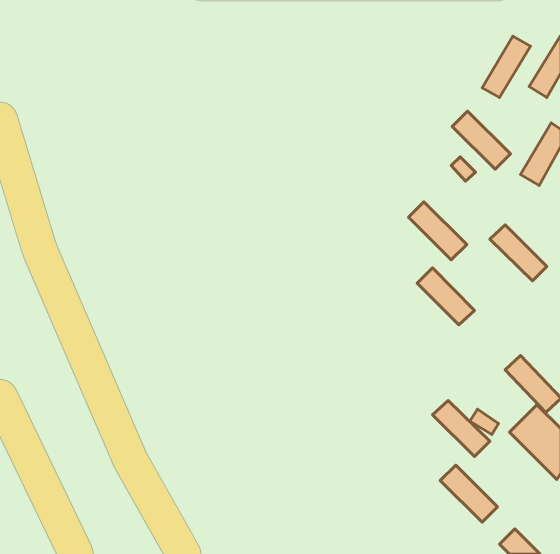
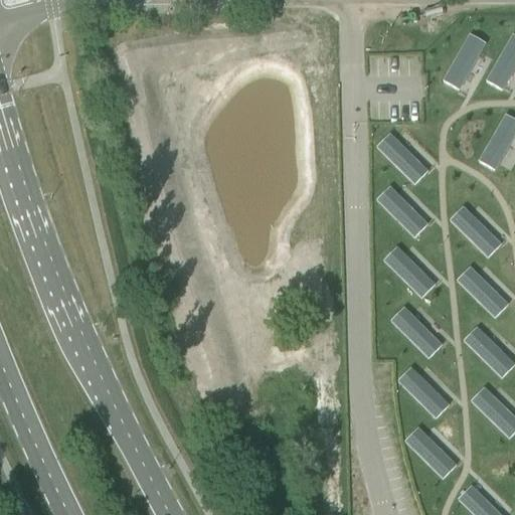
building: [452,111,510,169] -> [376,132,430,185]
building: none -> [456,267,508,318]
building: none -> [390,306,443,359]

